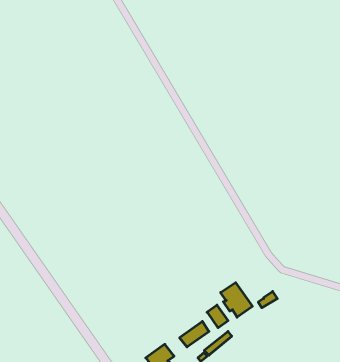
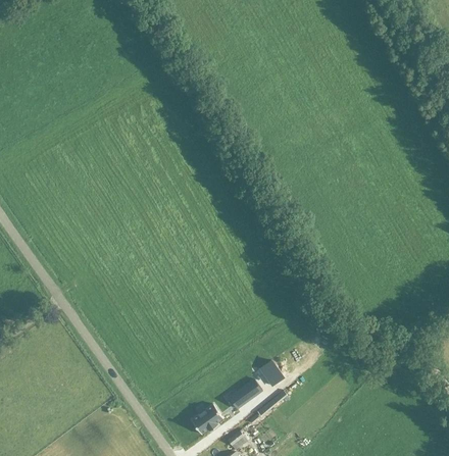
building: [221,283,252,317] -> none

